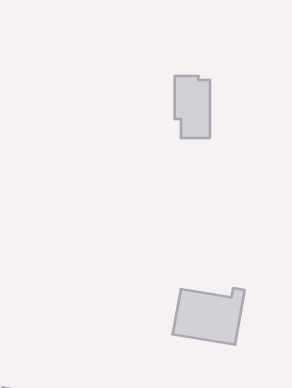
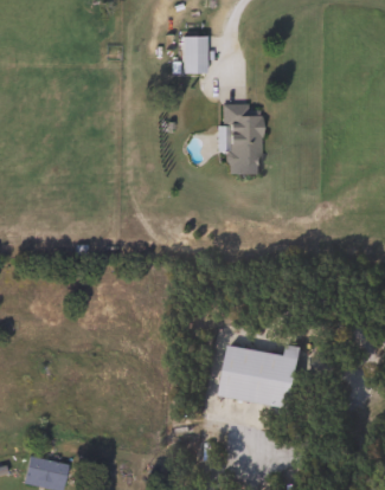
building: none -> [182,37,206,73]

